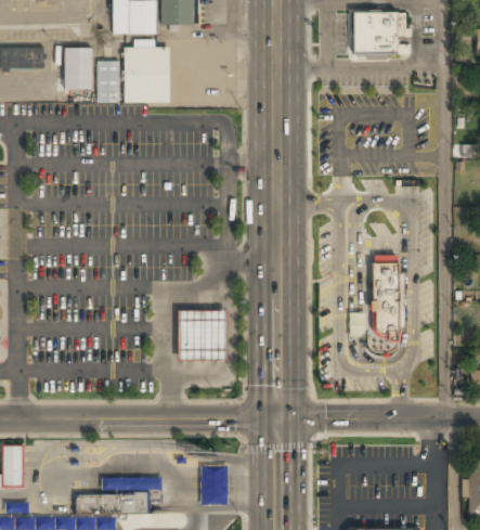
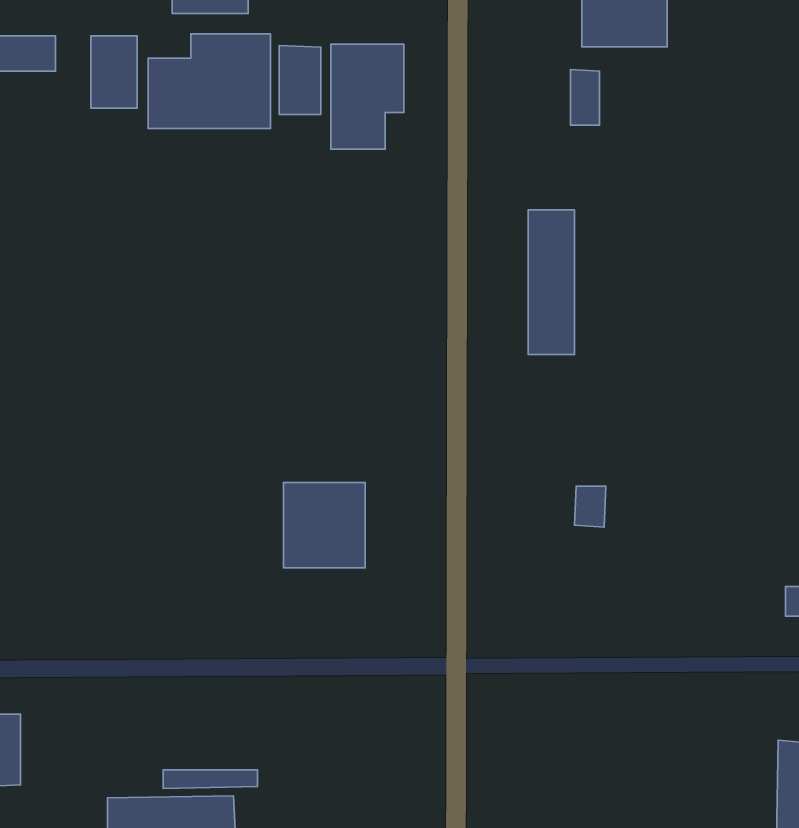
building: none -> [331,44,404,149]
building: none -> [279,46,321,115]
building: none -> [570,70,599,125]
building: [372,256,399,340] -> [528,210,575,355]

